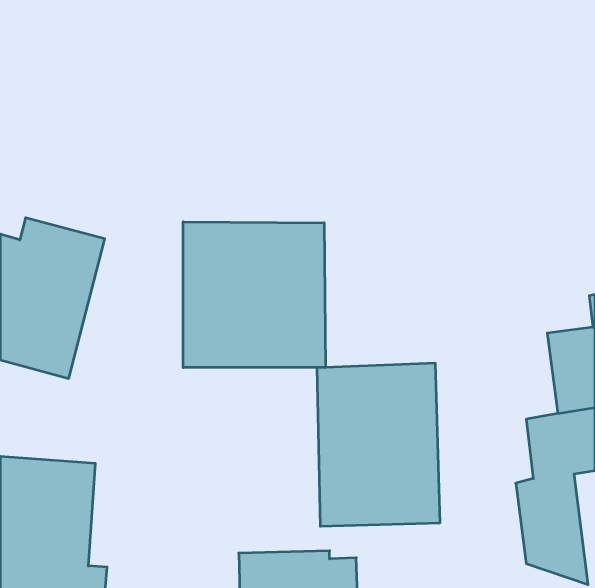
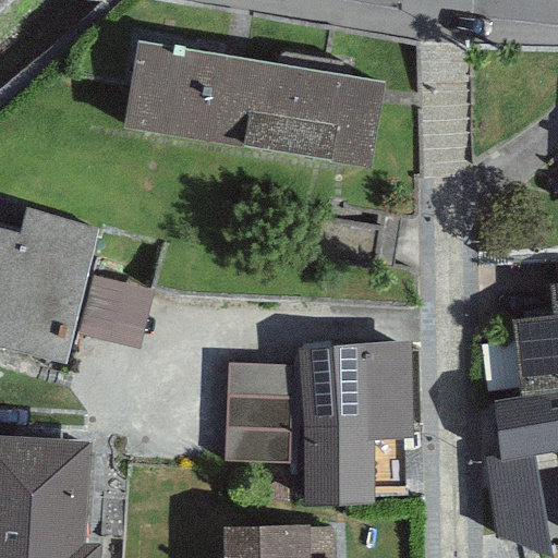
building: none -> [121,40,383,166]
building: [183,222,325,368] -> none
building: none -> [233,364,296,468]

